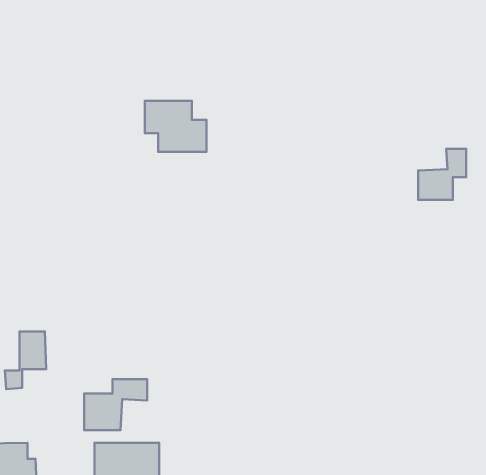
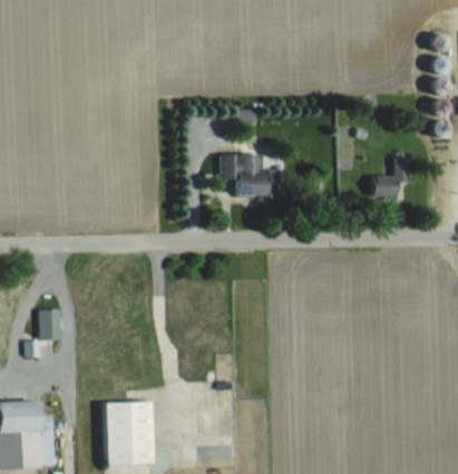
building: [145,101,206,152] -> [221,155,272,197]
building: [84,379,147,430] -> none

